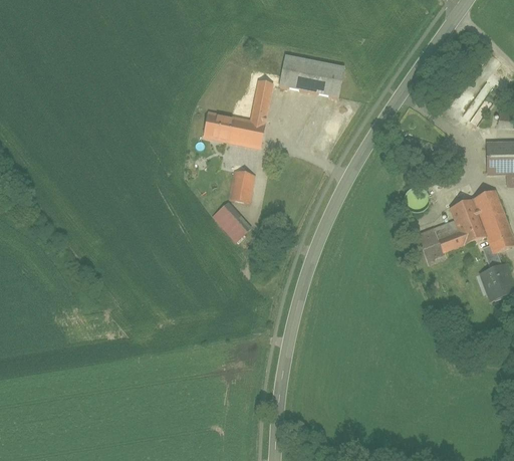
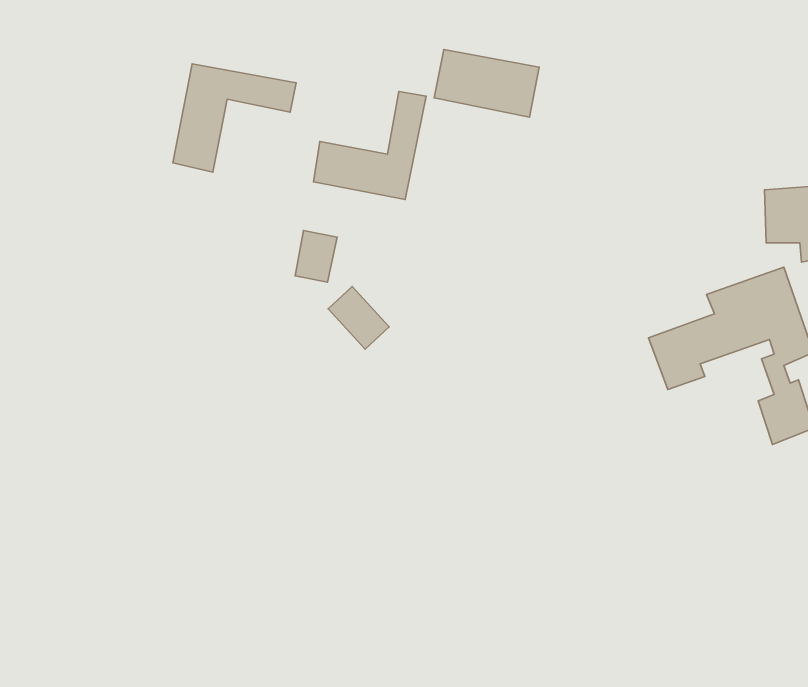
building: none -> [173,64,296,172]
building: [229,171,255,203] -> [295,231,337,282]

